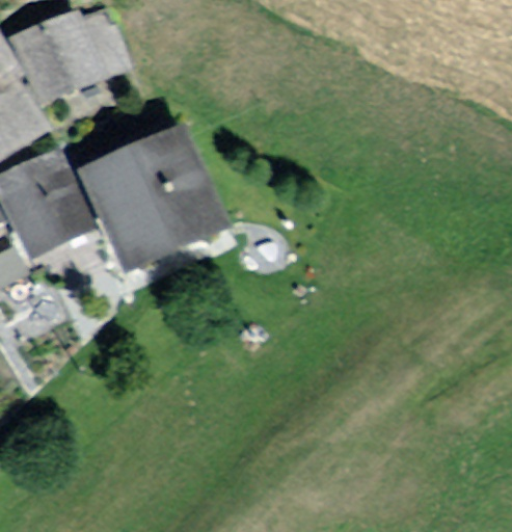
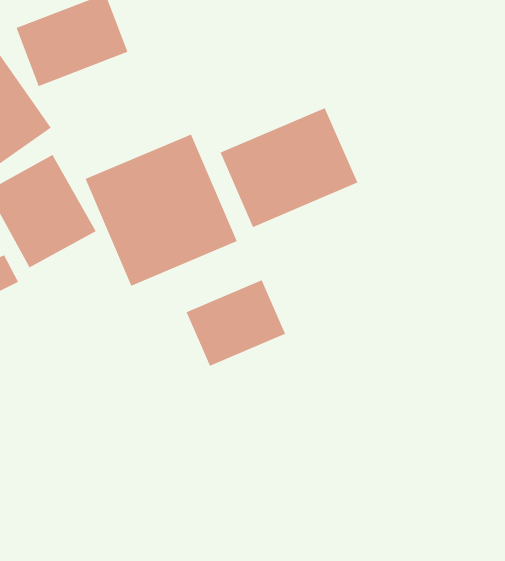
building: none -> [219,107,358,228]
building: none -> [185,279,286,367]

